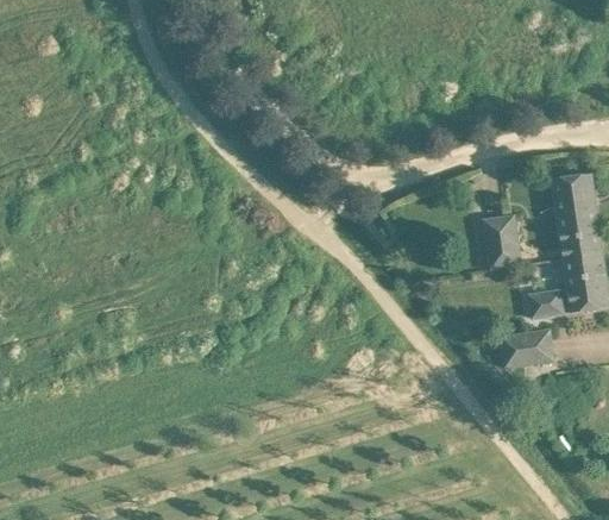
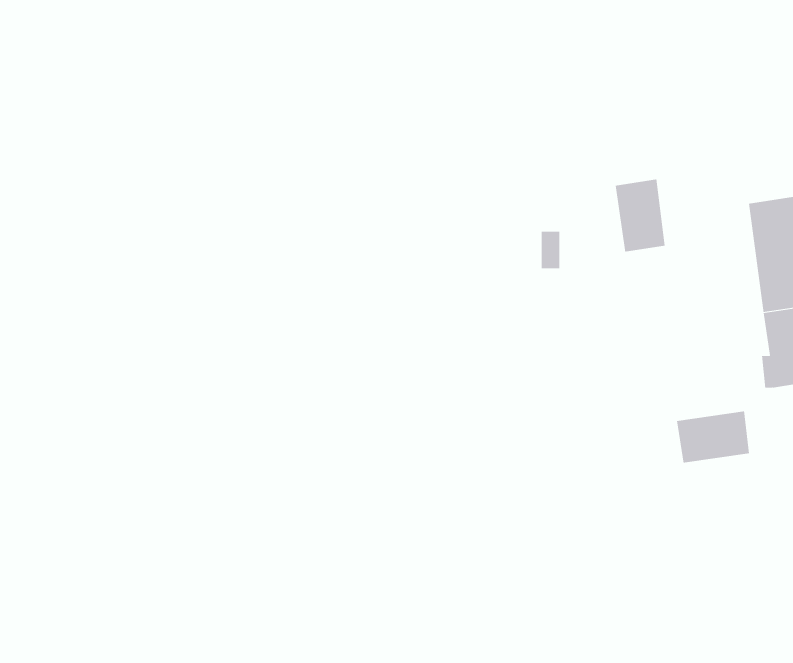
building: [481,215,517,269] -> [615,179,665,252]
building: [525,288,563,319] -> none

